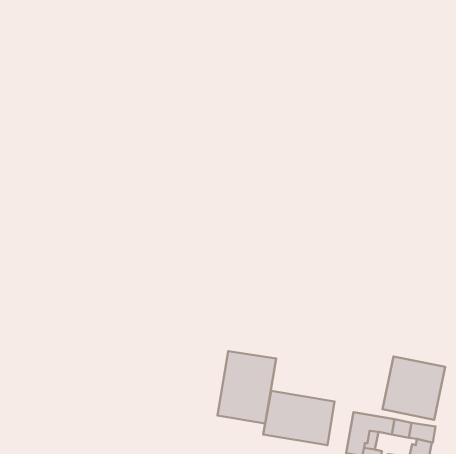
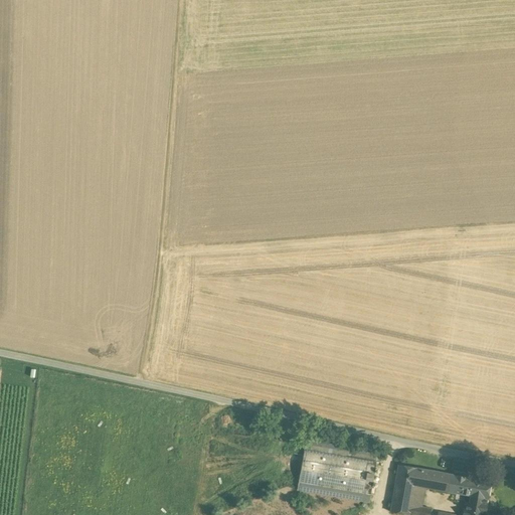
building: [218,351,276,423] -> none
building: [383,357,445,420] -> none

